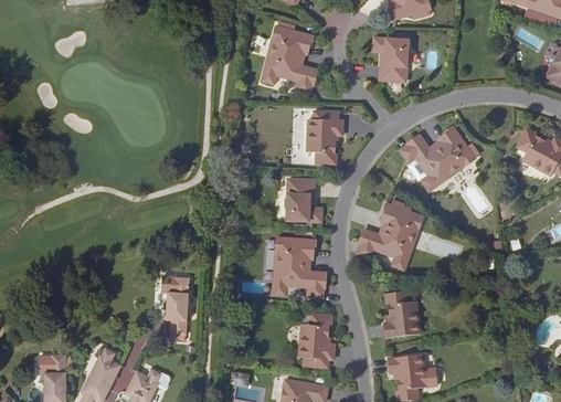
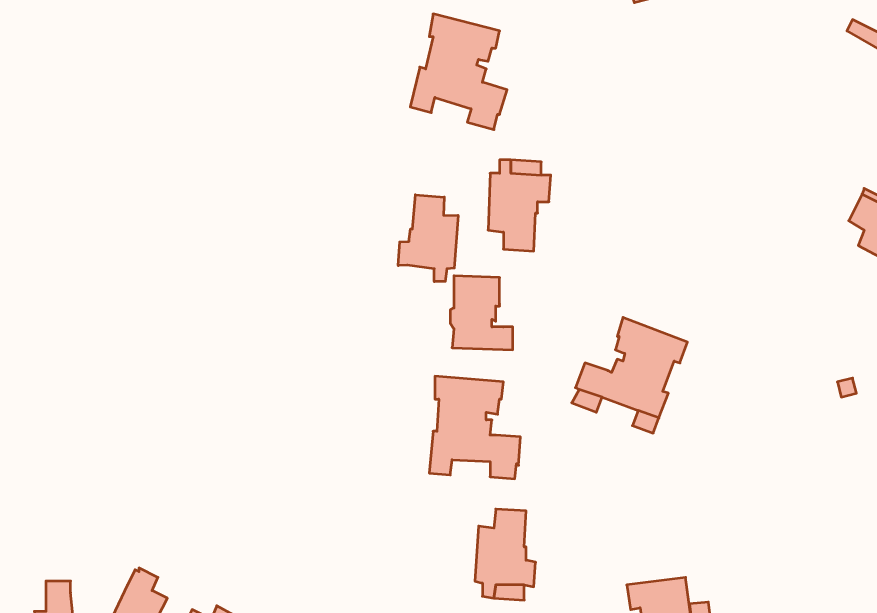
building: [372,38,410,81] -> none
building: [400,126,475,191] -> none
building: none -> [398,195,458,282]
building: [165,277,188,338] -> none
building: [383,290,420,337] -> none

